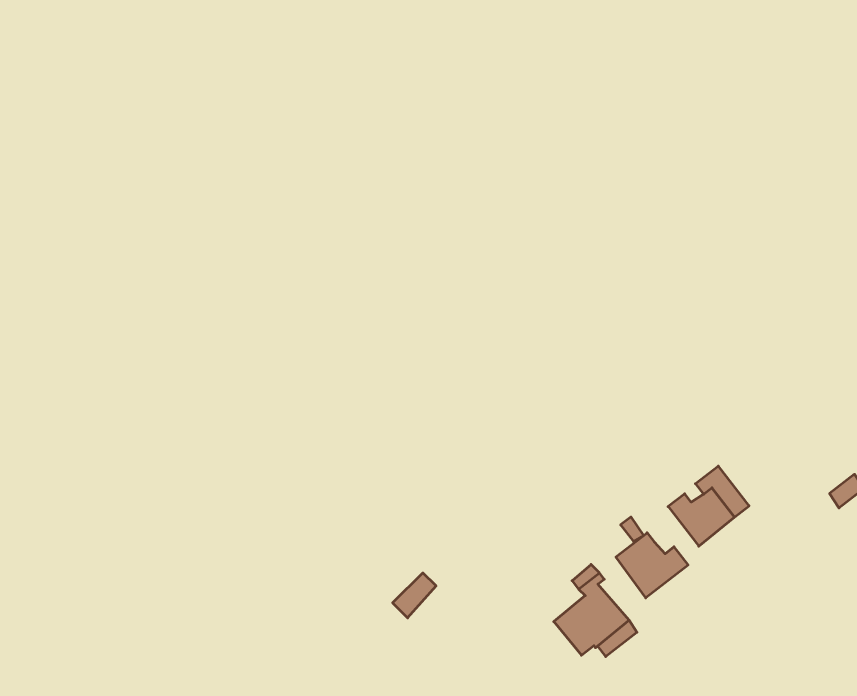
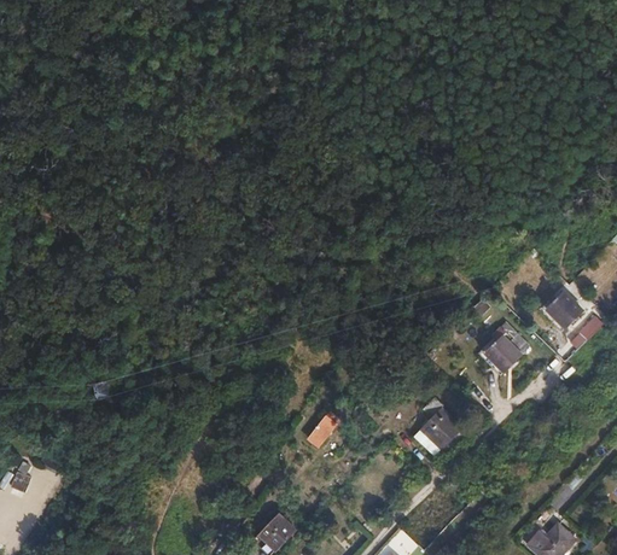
building: none -> [540,293,582,331]
building: [616,533,688,598] -> none

